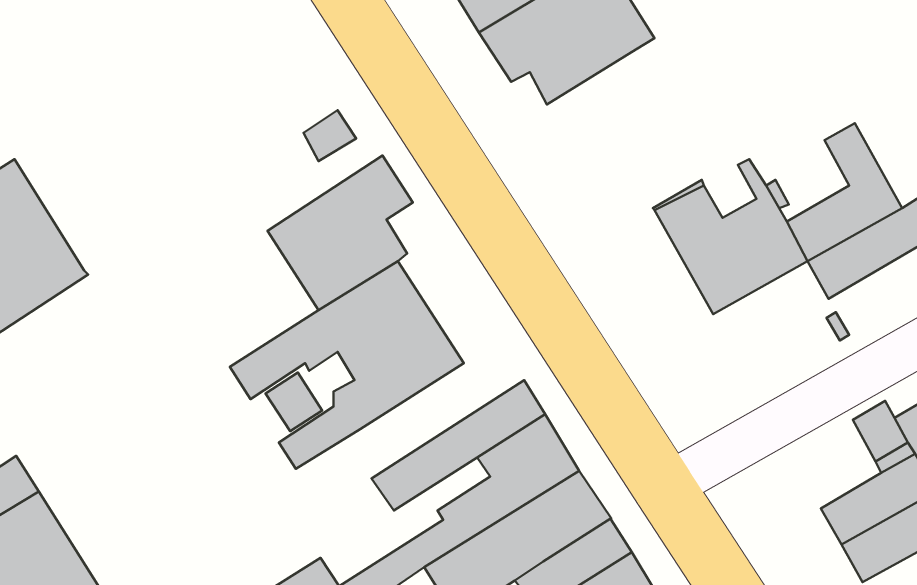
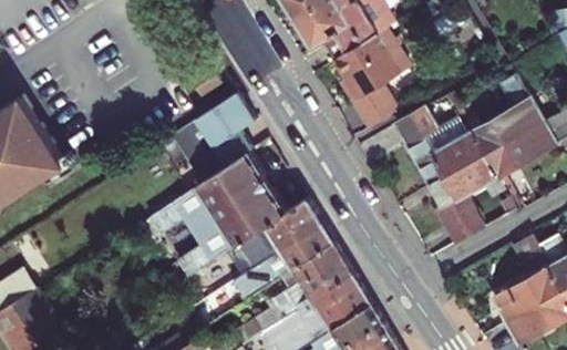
building: none -> [333,30,408,130]
building: none -> [431,154,498,243]
building: none -> [224,200,320,276]

